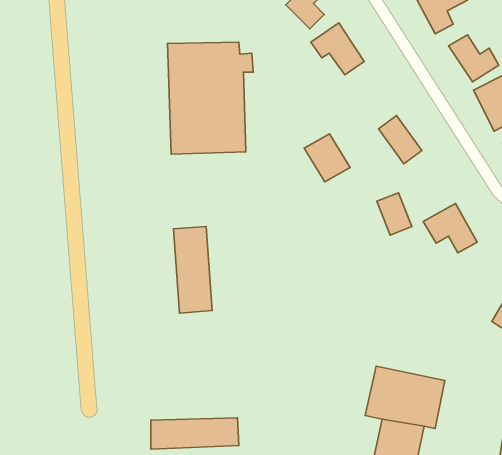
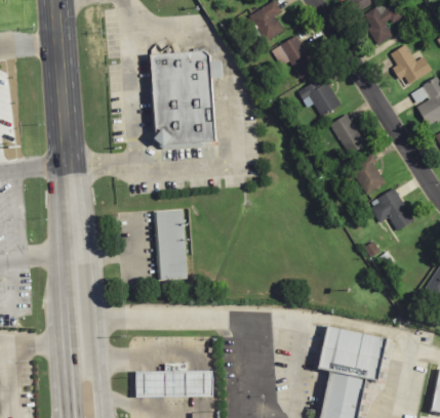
building: [304,134,350,182] -> [301,77,339,118]
building: [377,193,412,235] -> [354,156,384,192]

